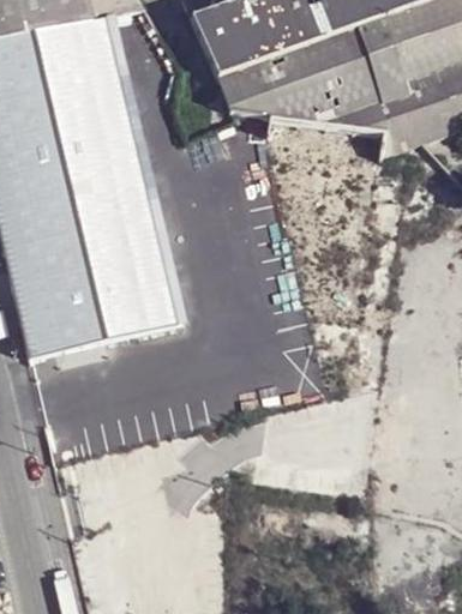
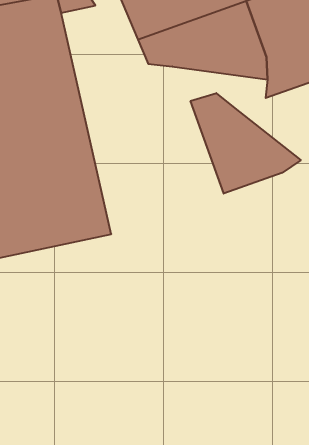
building: none -> [191,93,301,194]

